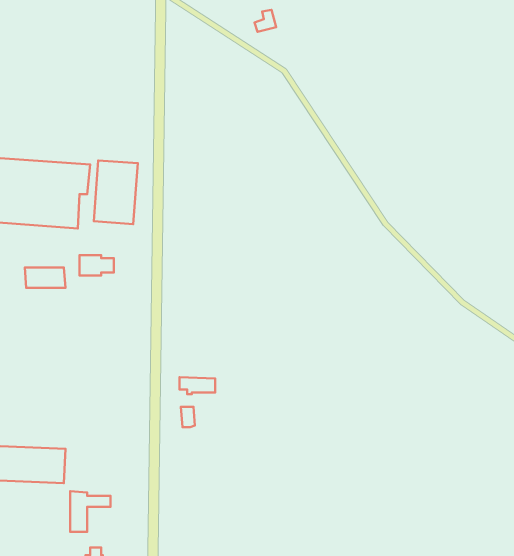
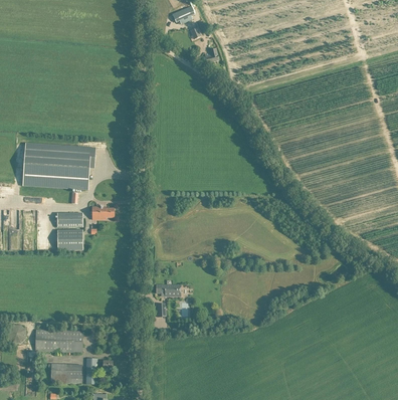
building: [94,160,138,224] -> none
building: none -> [55,228,80,248]
building: none -> [49,362,80,383]

